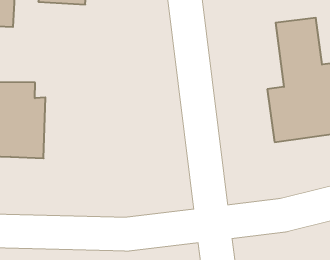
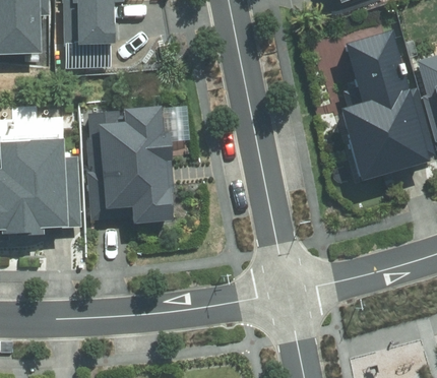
building: none -> [89,105,174,220]

